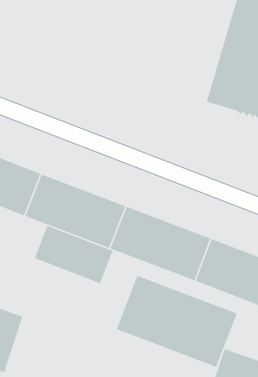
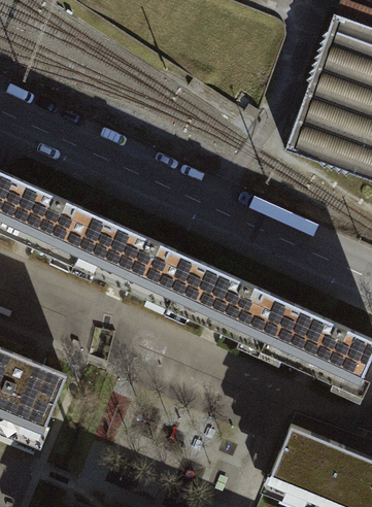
building: [34,225,113,284] -> none
building: [116,275,238,368] -> none

